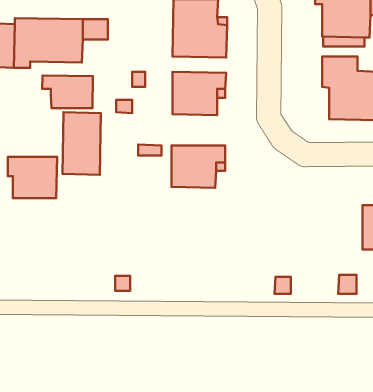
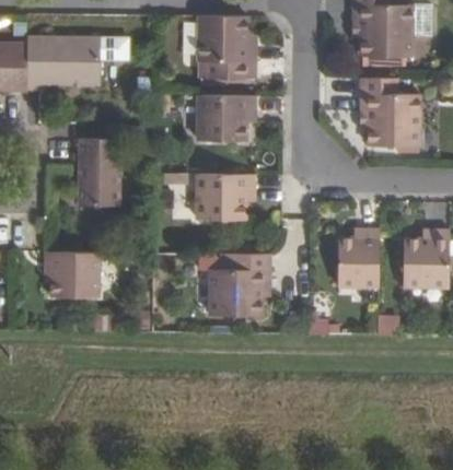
building: [42,76,93,108] -> none
building: [8,157,57,198] -> [46,252,100,297]
building: none -> [338,230,380,286]
building: none -> [210,255,270,317]

